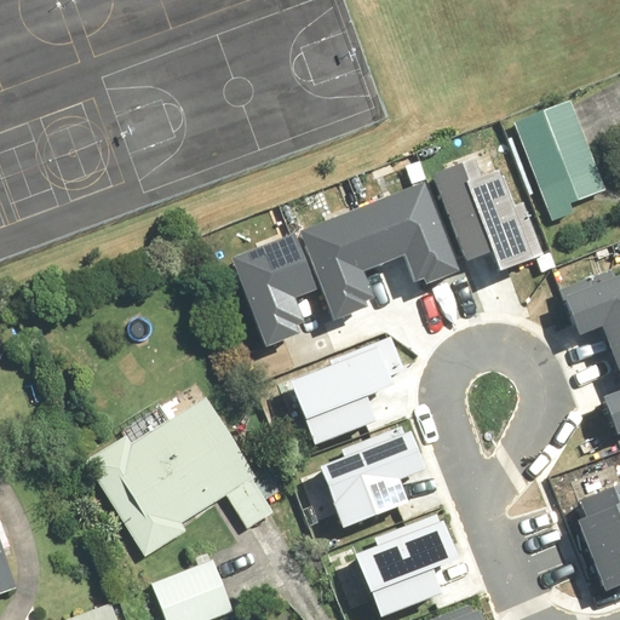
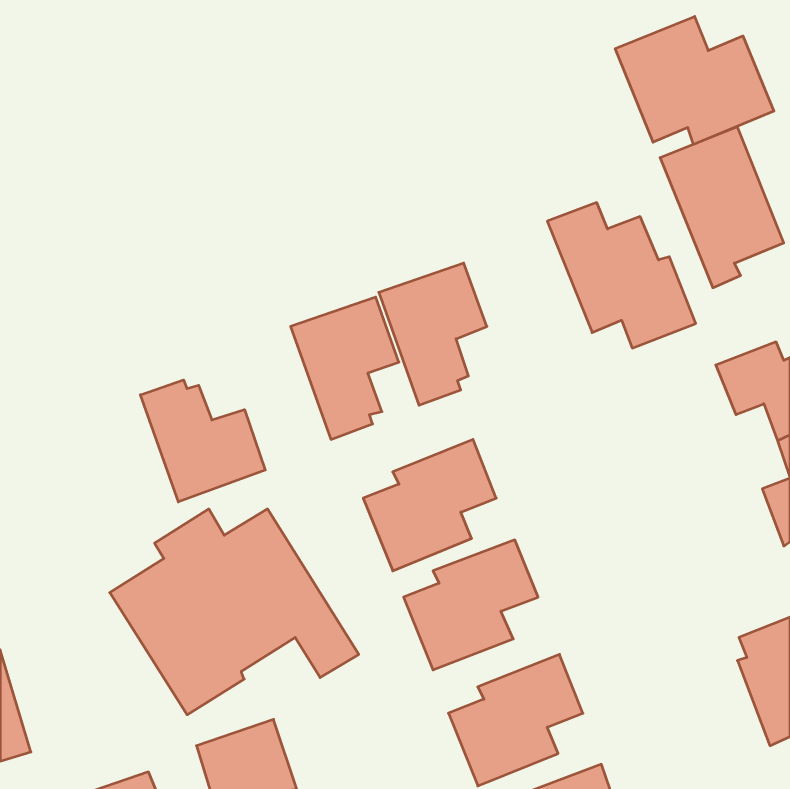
building: none -> [615,16,774,144]
building: [363,184,458,285] -> none
building: none -> [140,380,265,502]

